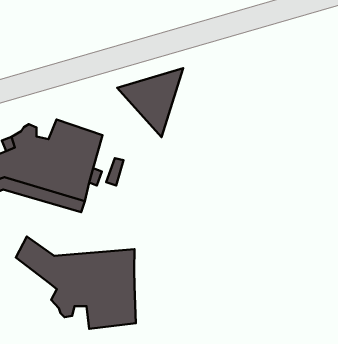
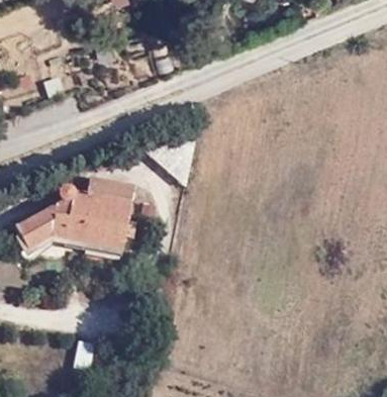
building: [16,237,136,329] -> none

